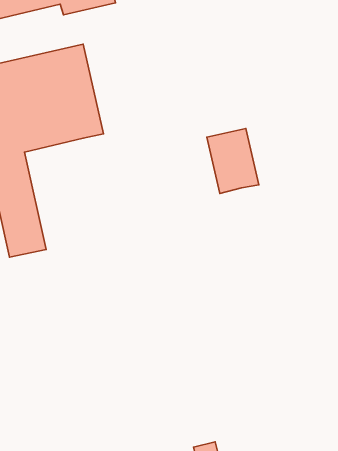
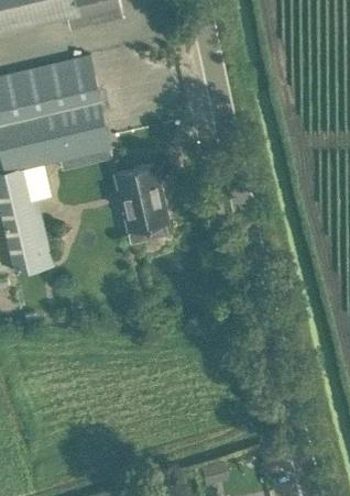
building: [207,129,259,193] -> [114,164,167,230]

